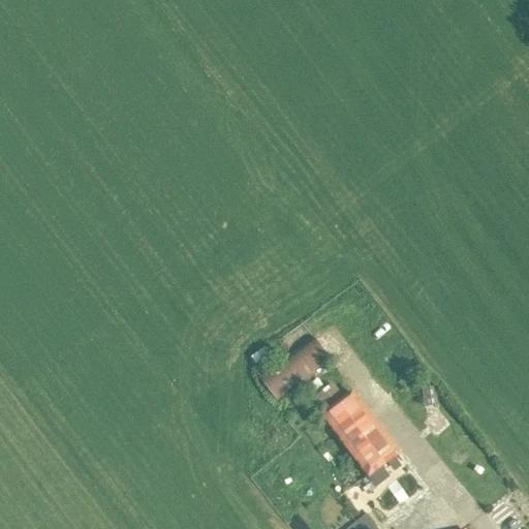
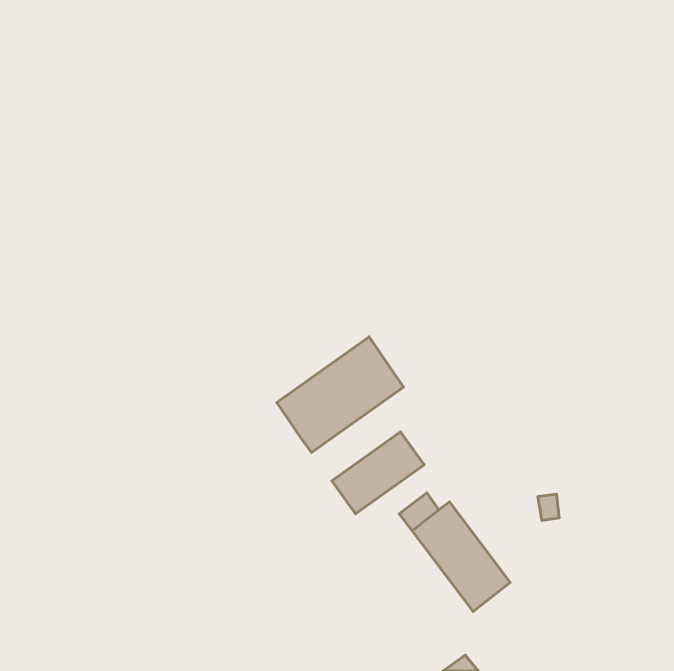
building: none -> [277,337,404,453]

